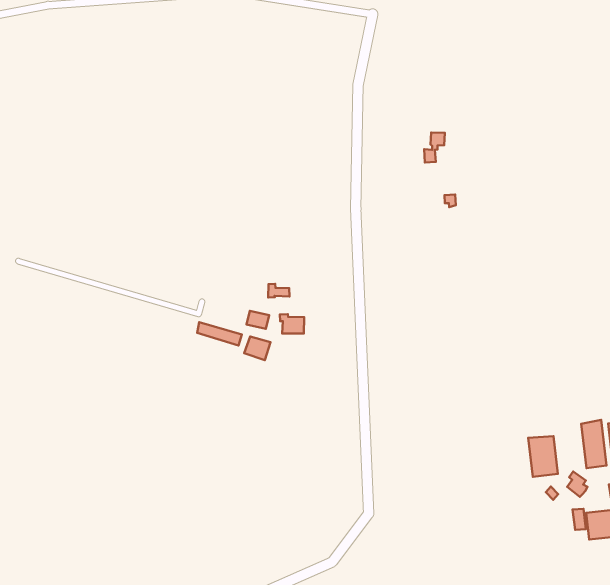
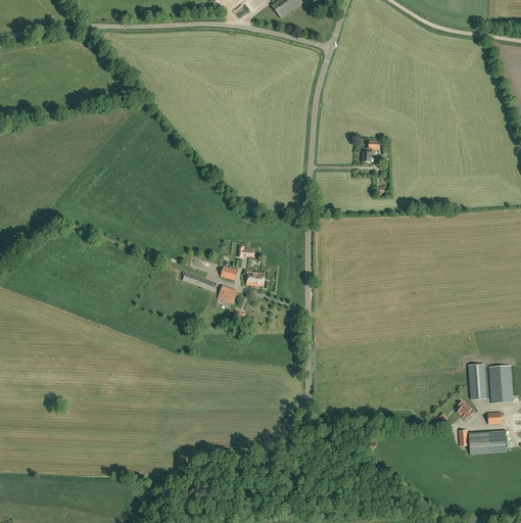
building: [528,436,558,477] -> none

